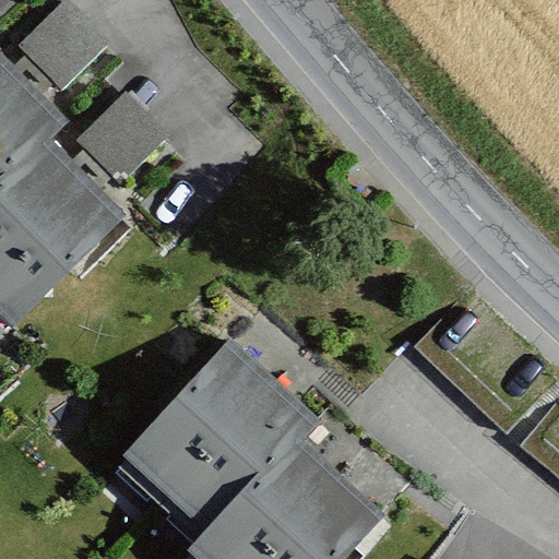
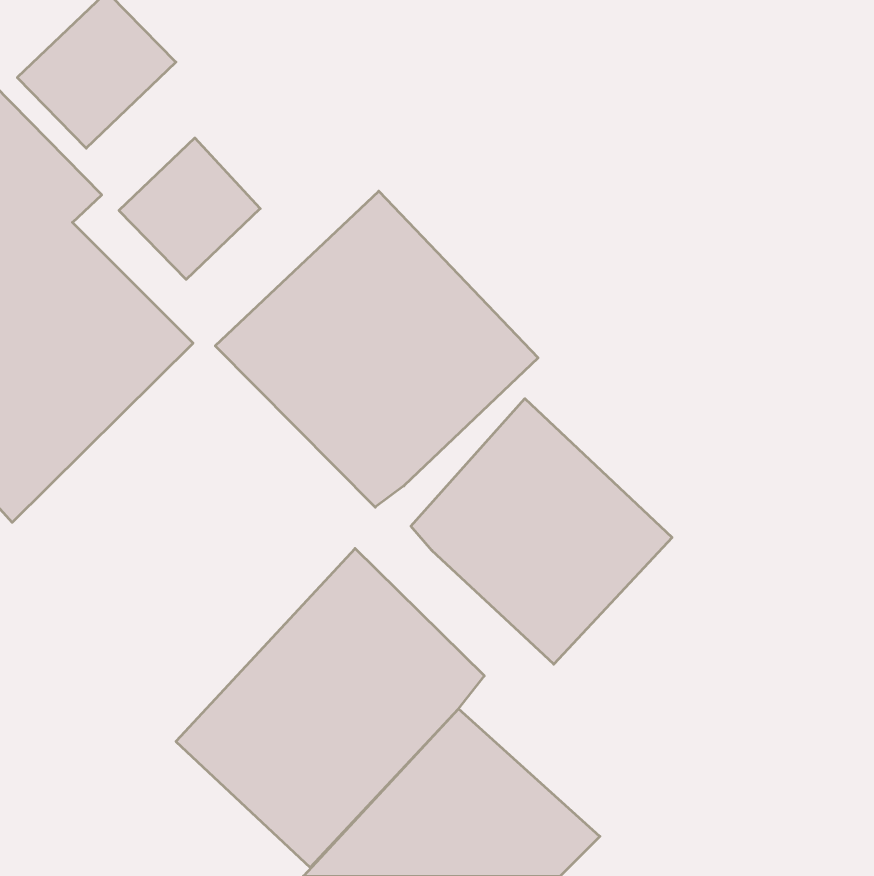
building: none -> [215,191,538,507]
building: none -> [411,399,672,664]

